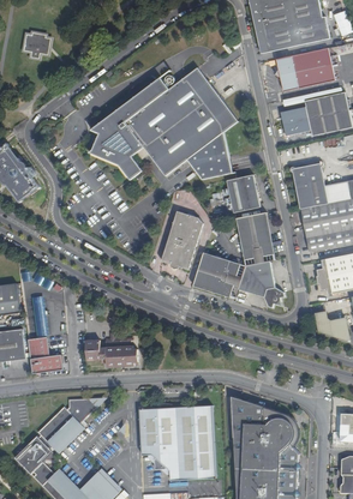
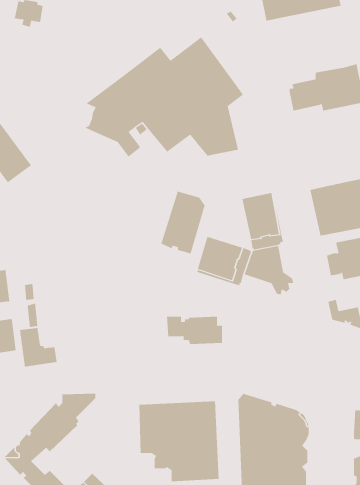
building: [275,47,334,90] -> none
building: [289,160,327,209] -> none
building: [225,174,259,212] -> none
building: [85,341,138,367] -> [166,316,223,345]

